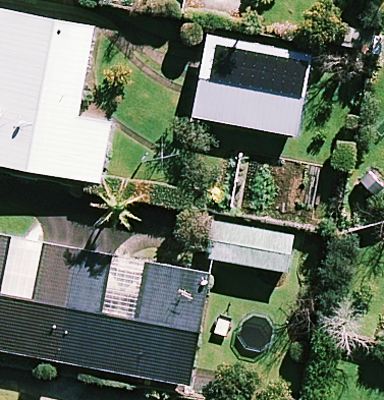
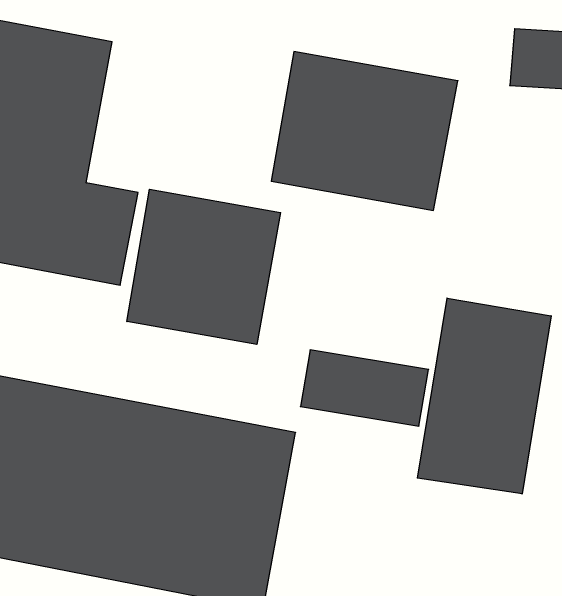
building: none -> [127,189,281,344]
building: none -> [417,298,551,494]

